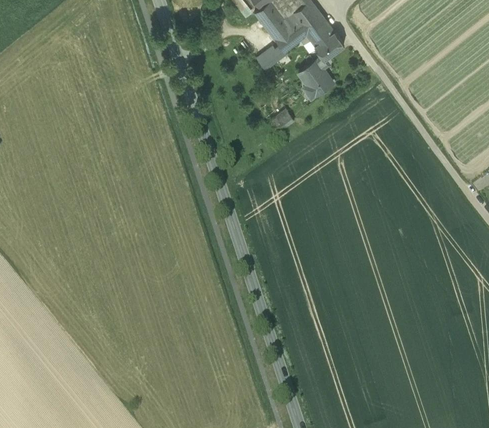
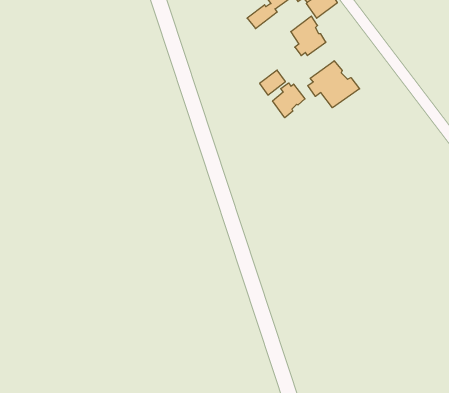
building: none -> [308,61,360,108]
building: none -> [273,83,305,118]

